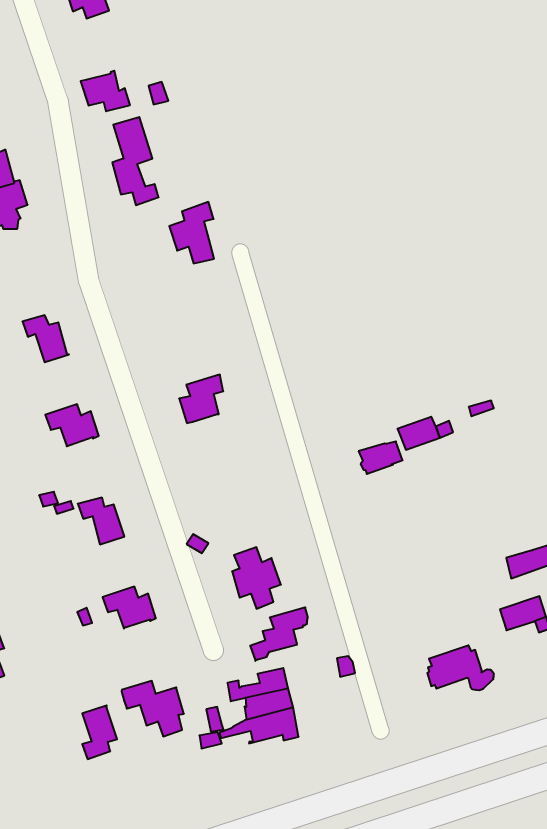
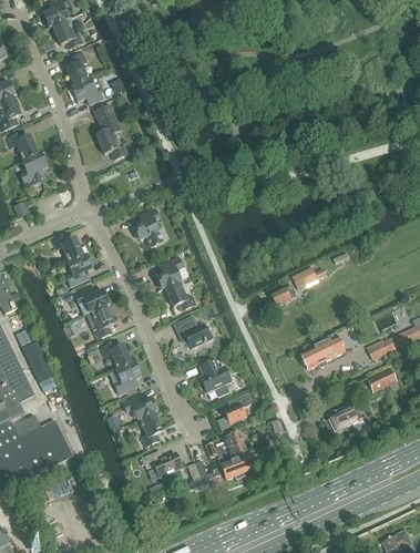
building: none -> [65,52,89,85]
building: [169,202,214,263] -> [133,207,163,246]
building: none -> [66,254,93,286]
building: none -> [165,280,195,309]
building: none -> [86,304,114,338]
building: none -> [176,320,213,347]
building: none -> [300,331,345,369]
building: none -> [110,361,142,393]
building: [82,705,117,759] -> [140,411,163,446]

